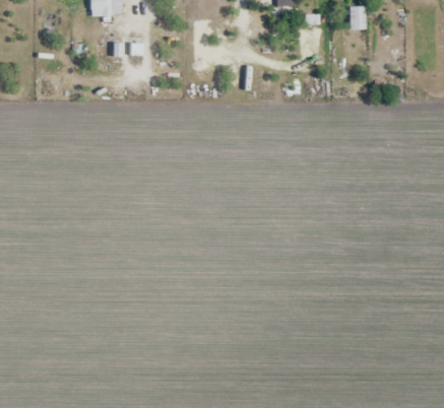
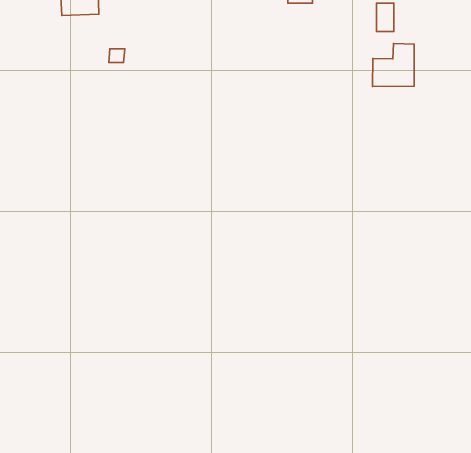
building: none -> [373,44,414,86]

